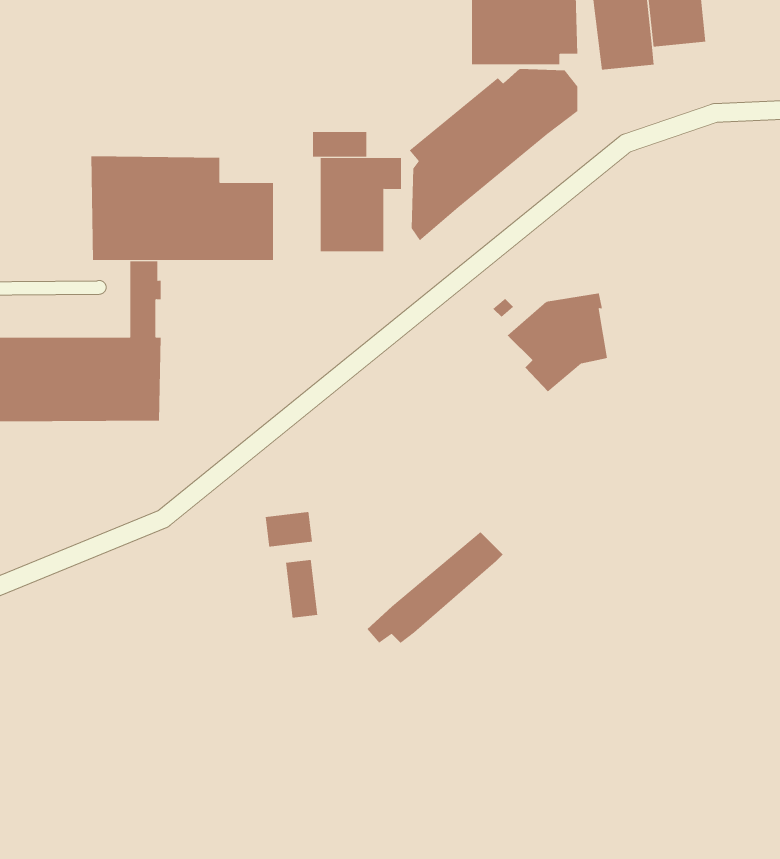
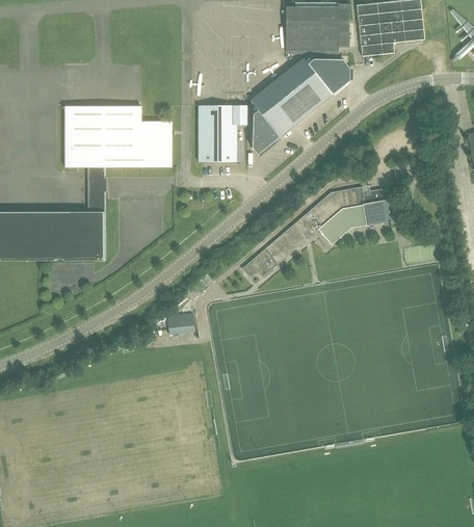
building: [312,131,367,157] -> none
building: none -> [362,188,390,225]
building: [367,531,504,643] -> [242,211,322,276]
building: [285,559,318,619] -> none

